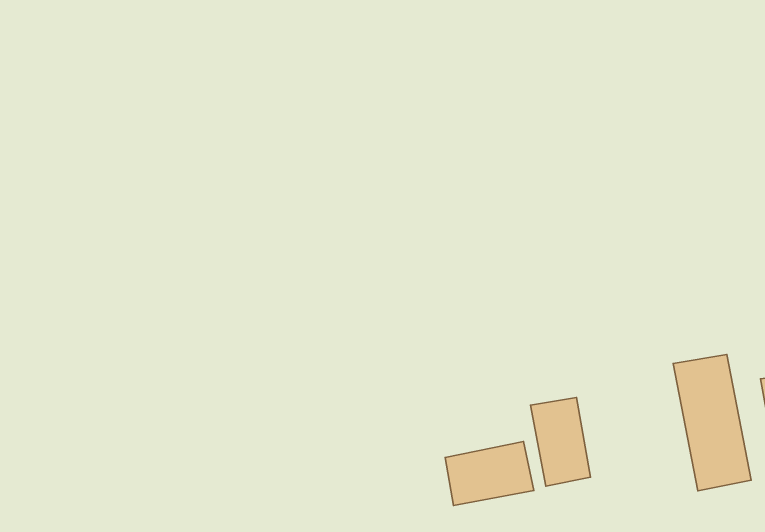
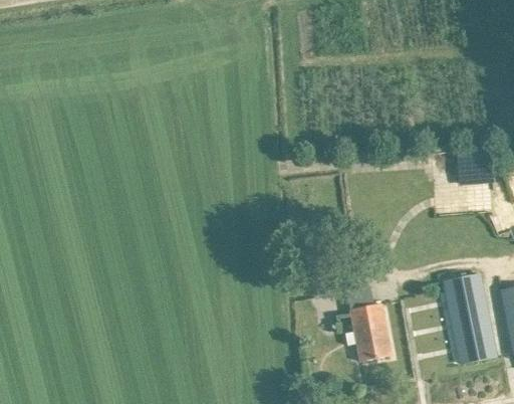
building: [445,441,534,506] -> none

